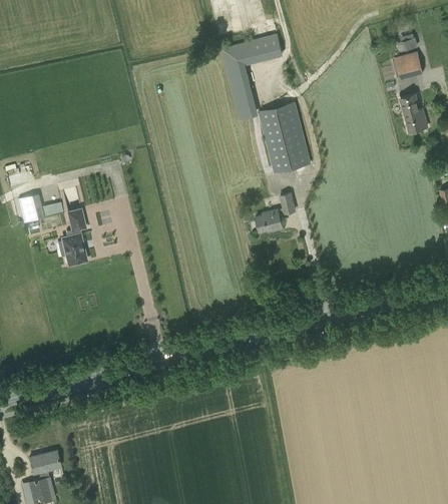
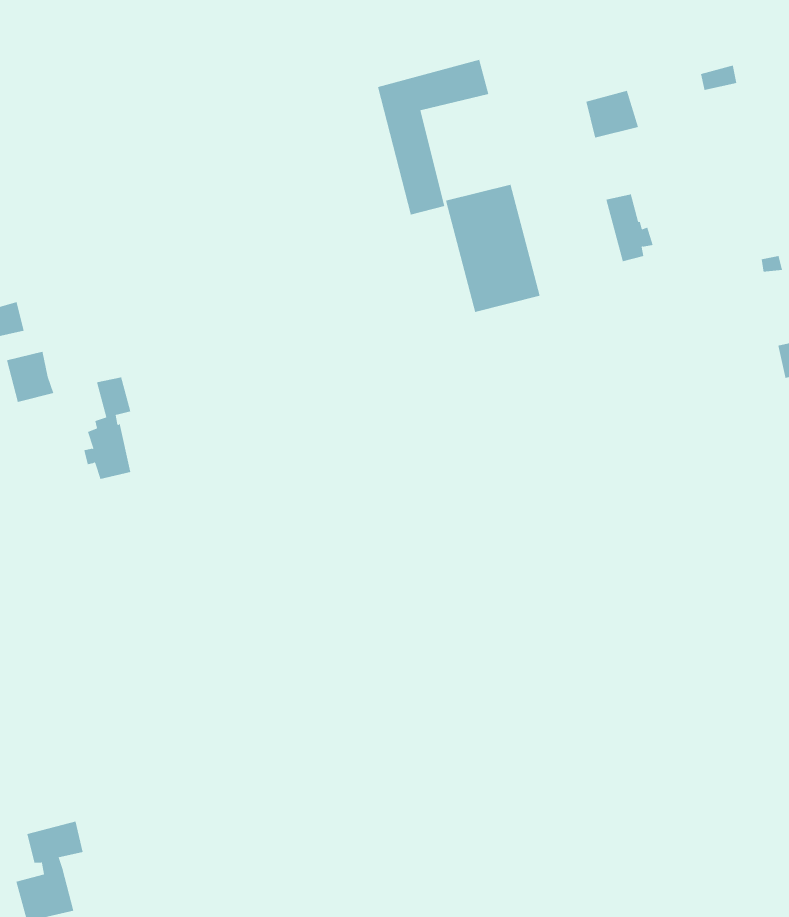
building: [394,52,423,78] -> [585,90,639,138]
building: [401,97,427,134] -> [606,194,653,262]
building: [255,193,294,231] -> none

